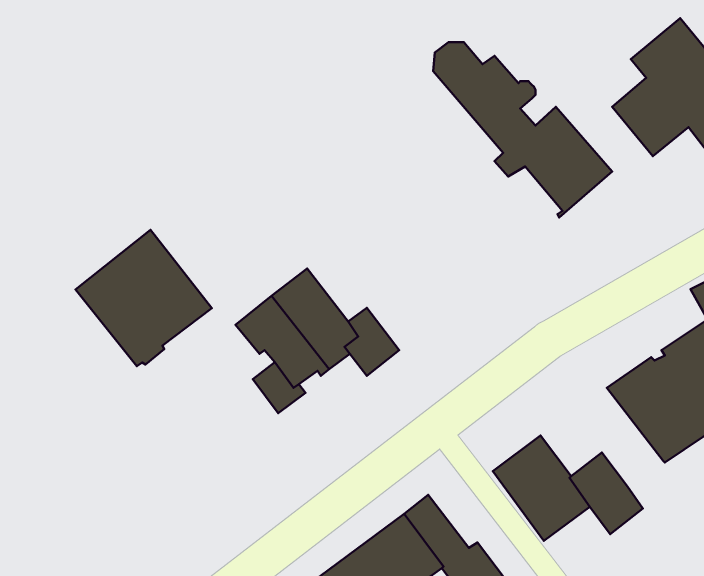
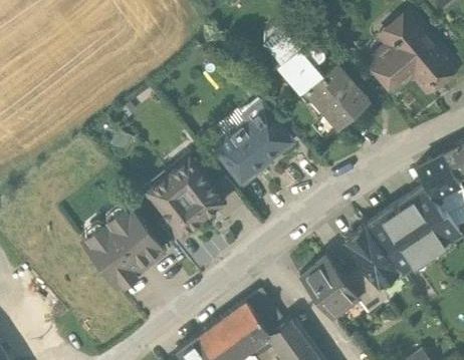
building: none -> [214,105,290,185]
building: [76,230,212,366] -> [82,205,163,285]
building: none -> [343,227,399,287]

